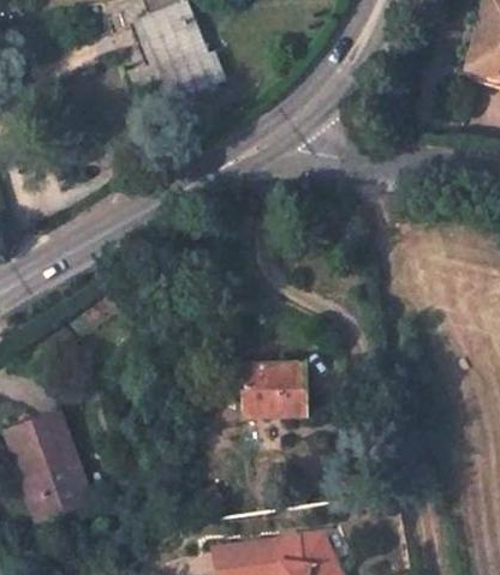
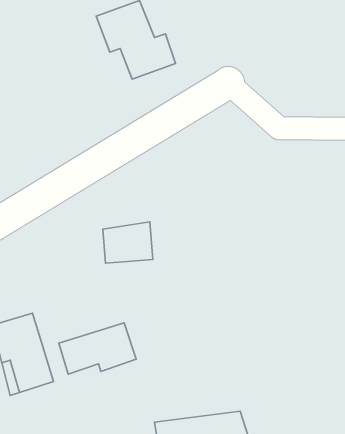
building: [237,363,302,417] -> [103,222,153,263]
building: none -> [59,323,136,374]

